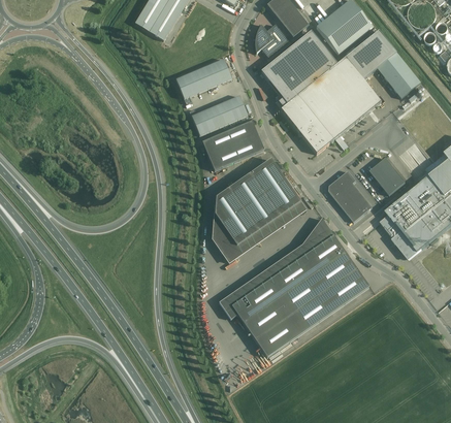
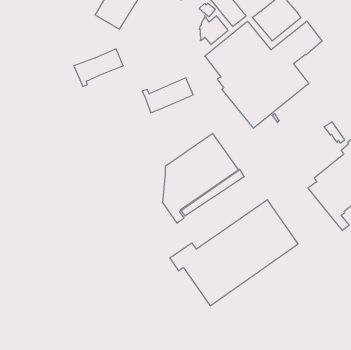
building: [378,53,420,97] -> none
building: [175,59,232,102] -> [74,49,123,86]
building: [202,120,264,169] -> none
building: [369,157,406,195] -> none
building: [329,170,373,222] -> none
building: [220,217,333,302] -> none

